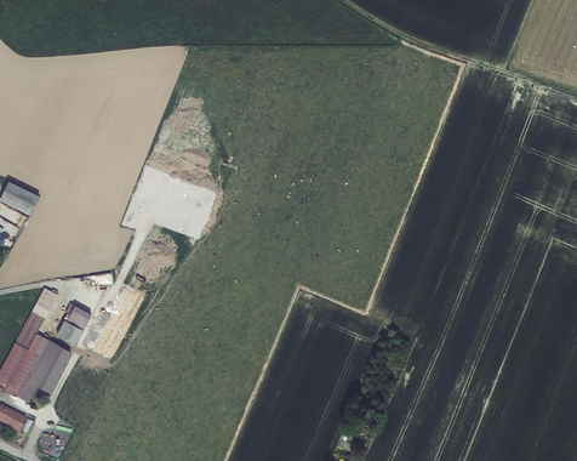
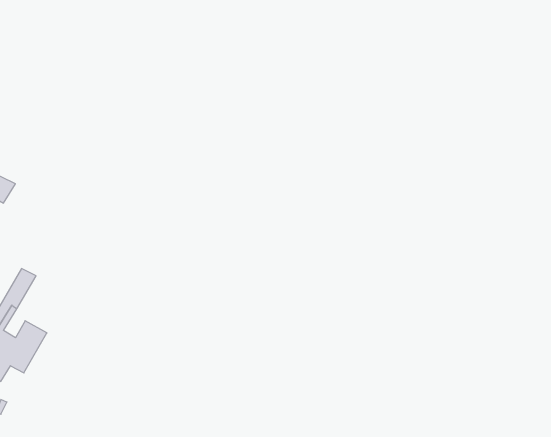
building: [61,307,91,340] -> none

